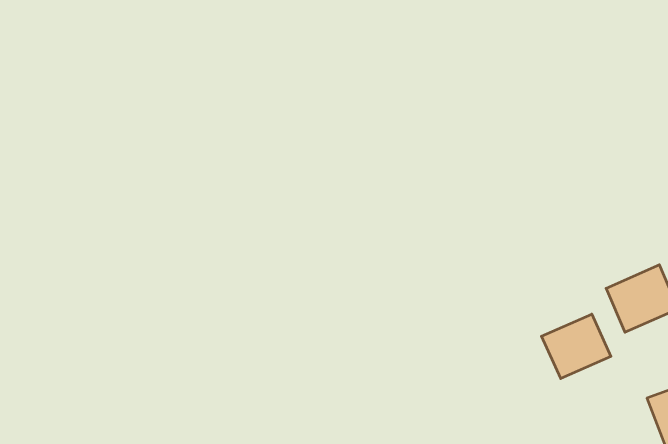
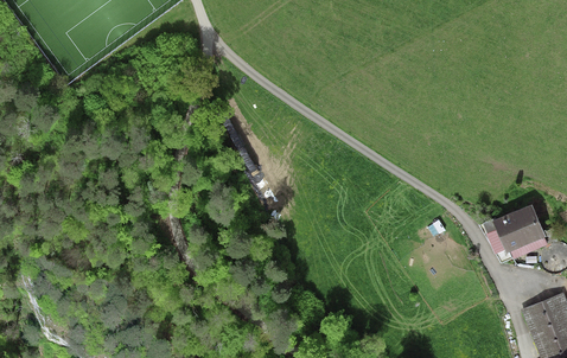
building: [541,314,611,379] -> none

